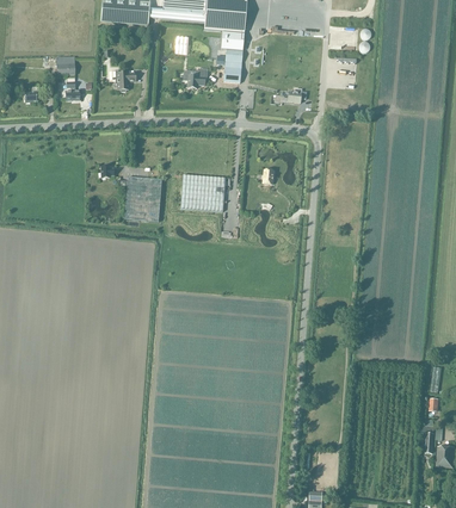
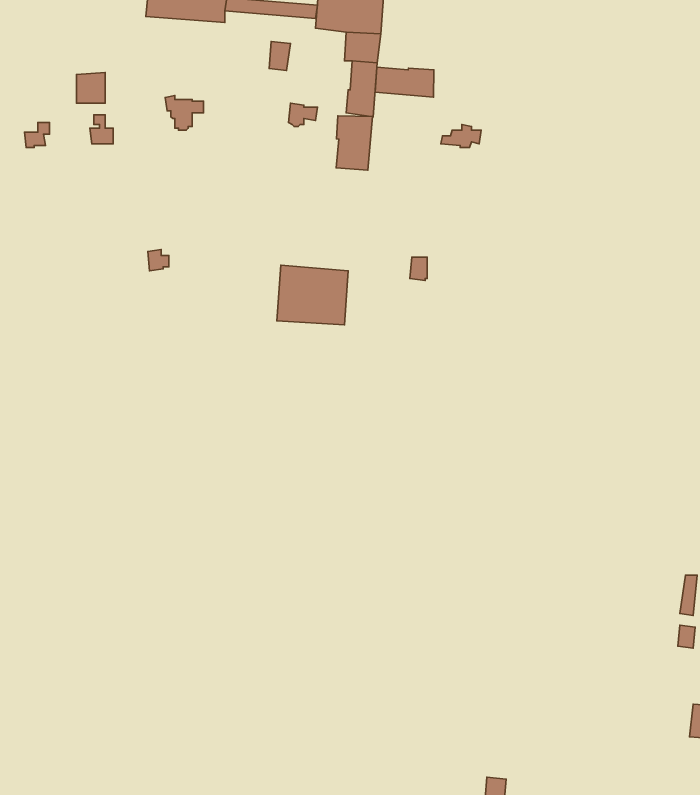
building: none -> [375,67,434,97]
building: none -> [336,116,372,170]
building: [124,175,162,222] -> none

